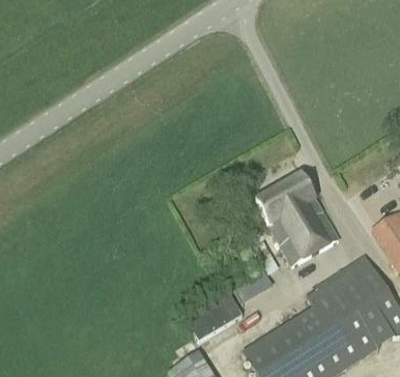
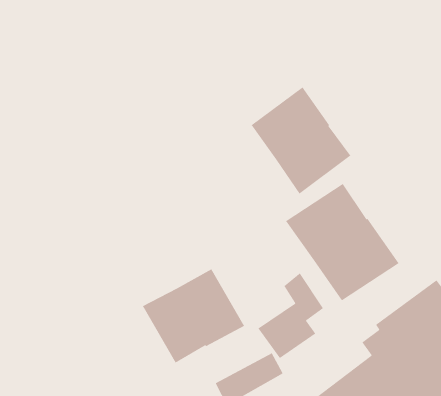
building: none -> [251,86,351,194]
building: none -> [142,269,245,363]

